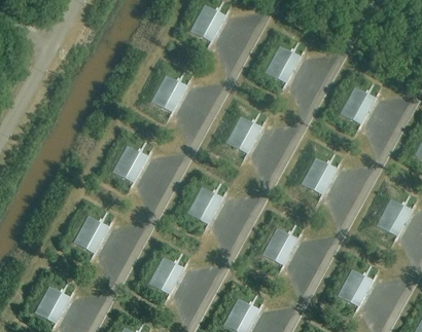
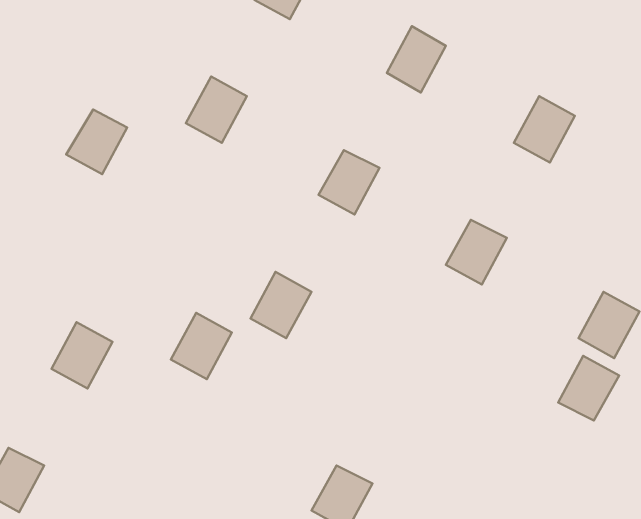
building: [111,145,146,182] -> [66,110,127,174]
building: [260,226,295,264] -> none
building: [149,256,184,294] -> [171,313,232,379]
building: [337,268,372,305] -> [558,356,619,420]

